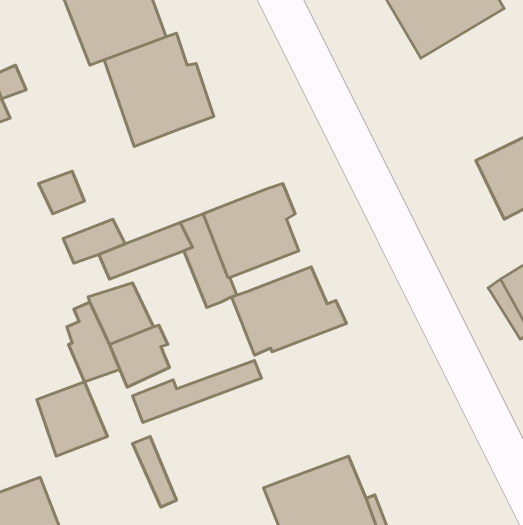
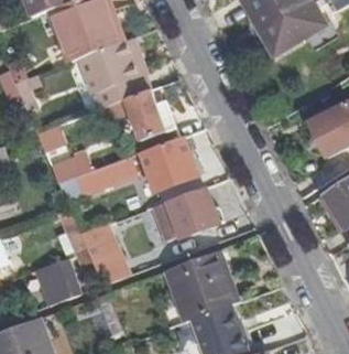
building: none -> [124,92,178,151]
building: none -> [165,253,231,321]

